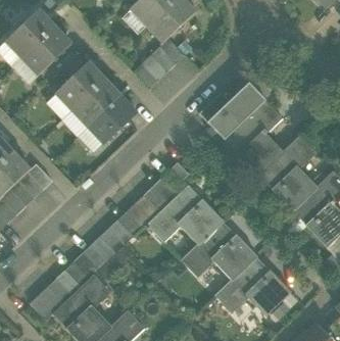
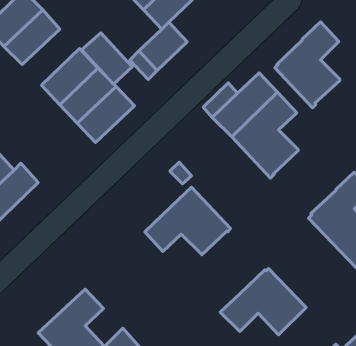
building: none -> [82,33,132,84]
building: [259,135,318,211] -> [275,22,340,108]
building: [30,178,178,320] -> none
building: [181,221,257,279] -> none

